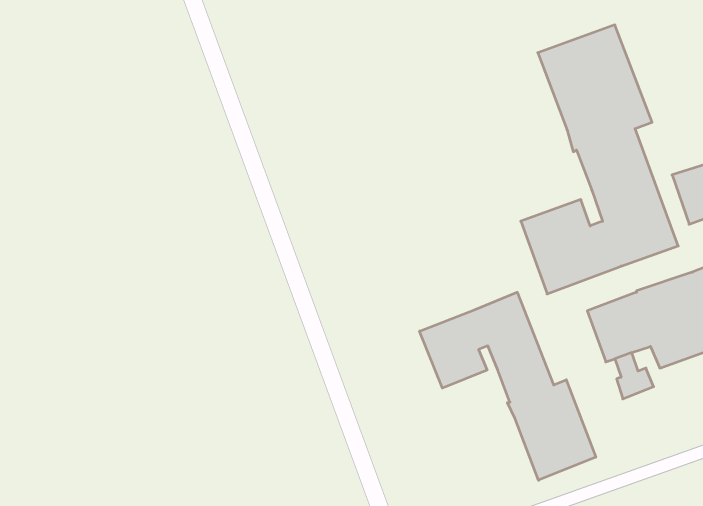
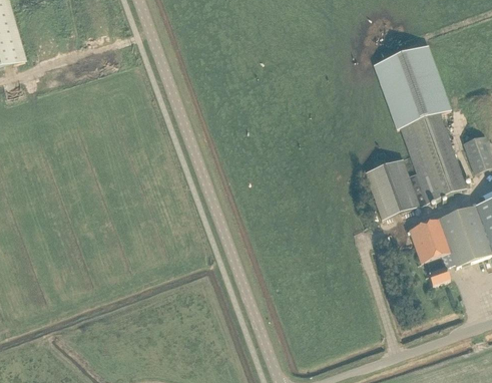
building: [420,292,596,480] -> none

